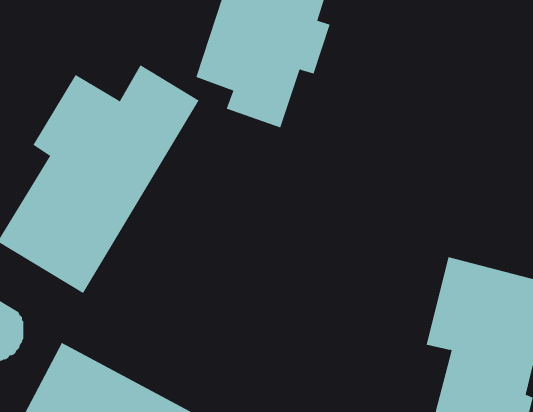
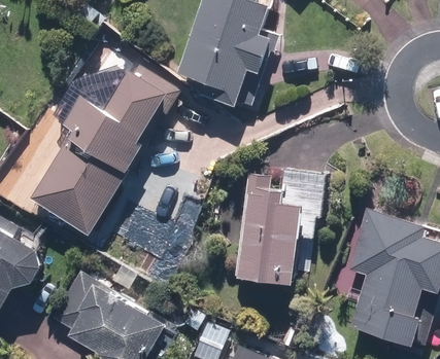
building: none -> [229,165,315,283]

